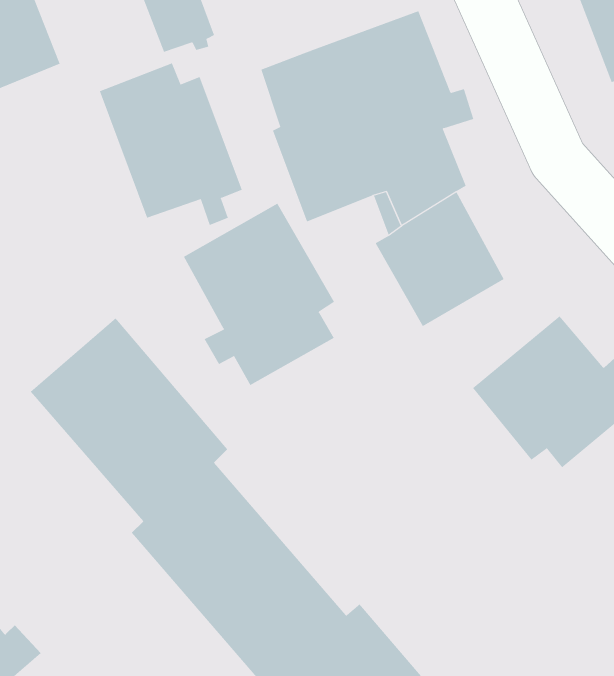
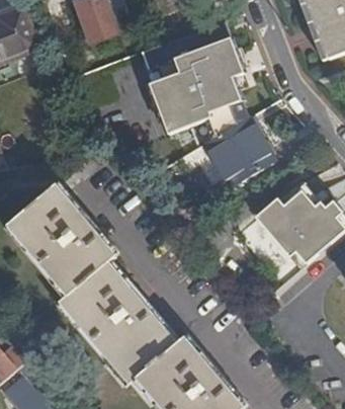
building: [99,63,243,226] -> none
building: [183,203,335,386] -> none

